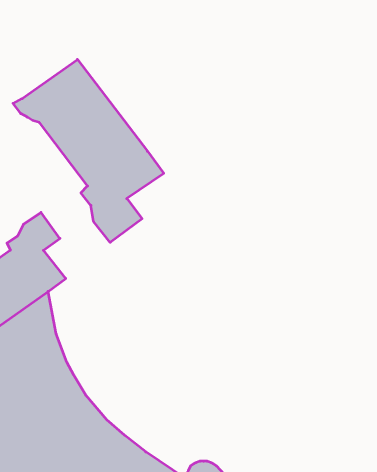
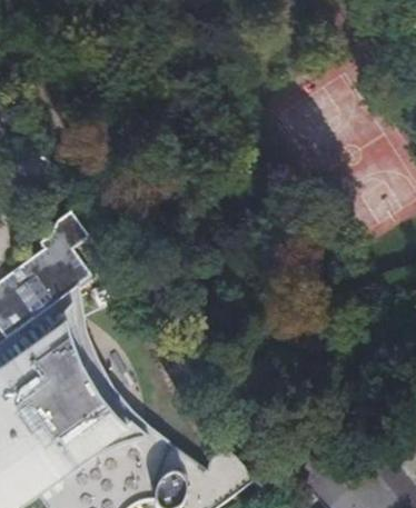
building: [13,59,164,242] -> none

